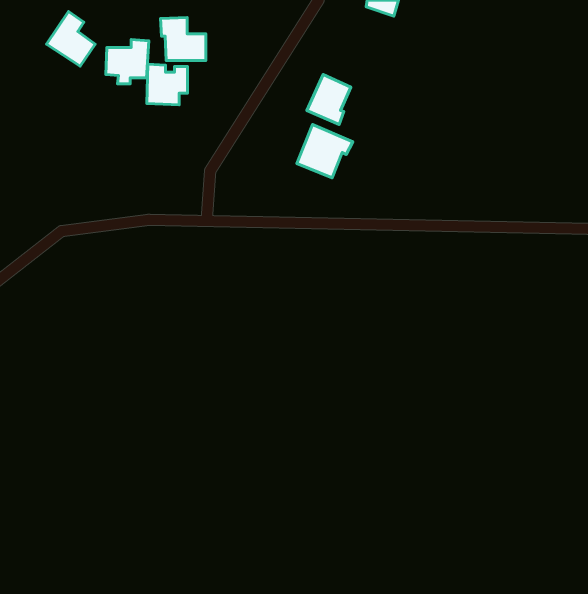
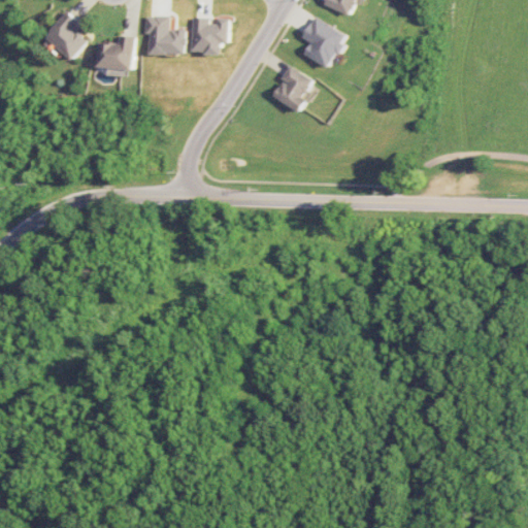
building: none -> [301,18,346,66]
building: [147,64,187,105] -> [189,16,225,53]
building: [297,124,353,178] -> none

